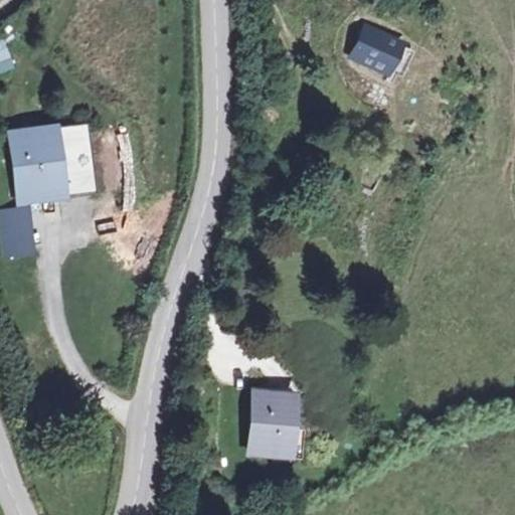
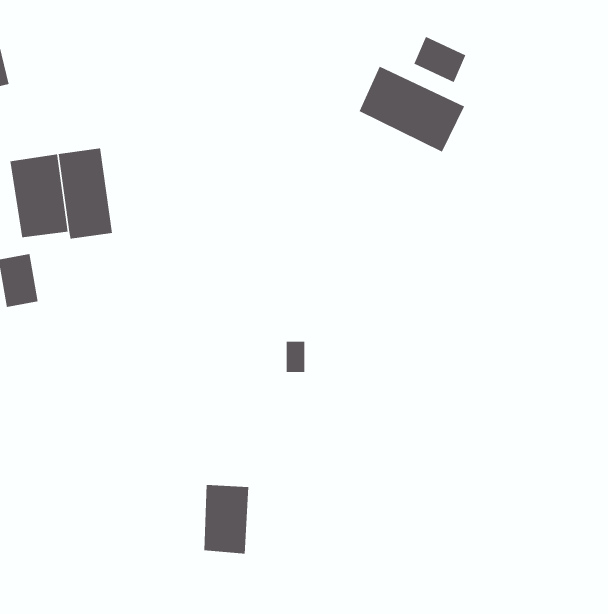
building: none -> [359,66,465,153]
building: [253,390,292,449] -> [203,484,249,554]

